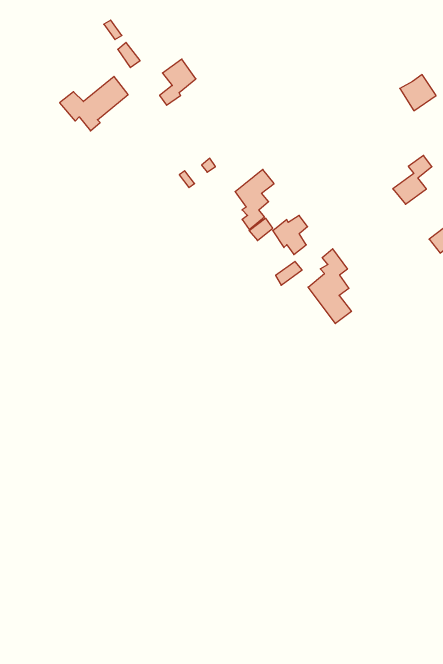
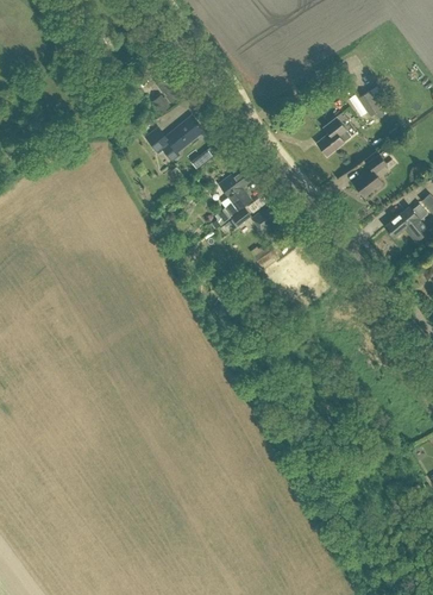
building: [60,76,128,131] -> [146,114,205,161]
building: none -> [318,117,352,155]
building: [308,249,351,324] -> none

